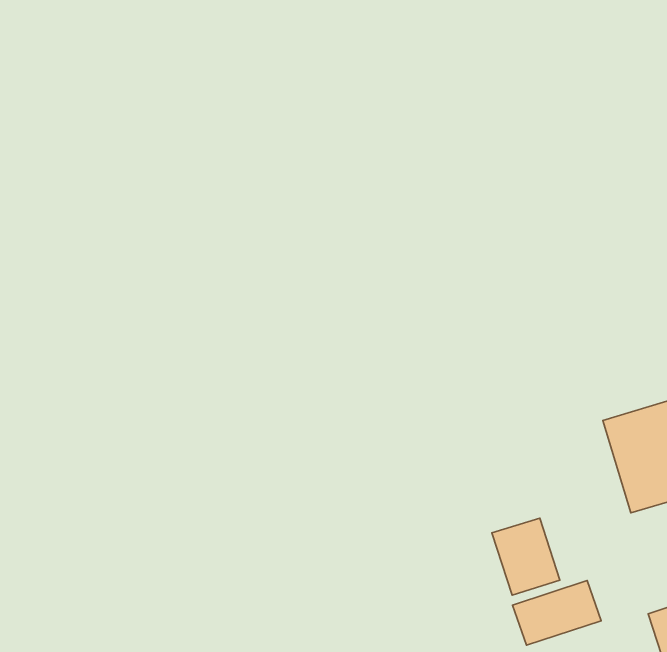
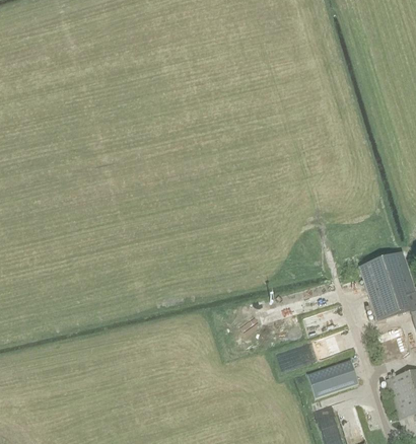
building: [492,518,560,595] -> none

